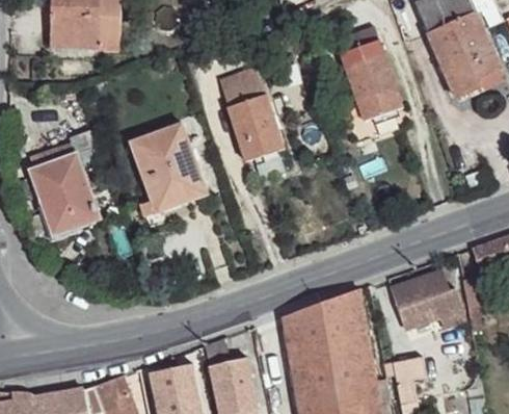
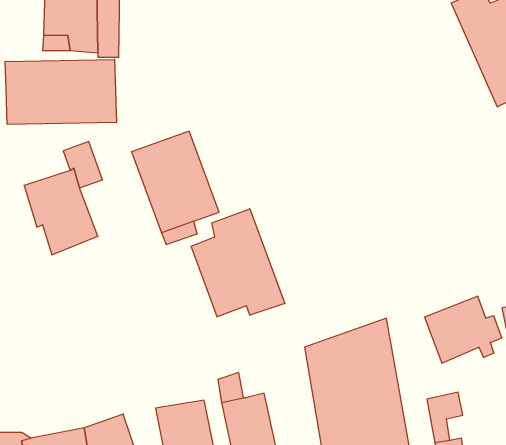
building: [334,26,401,120] -> none
building: none -> [5,59,117,124]
building: [217,66,284,160] -> none
building: none -> [191,209,285,317]

